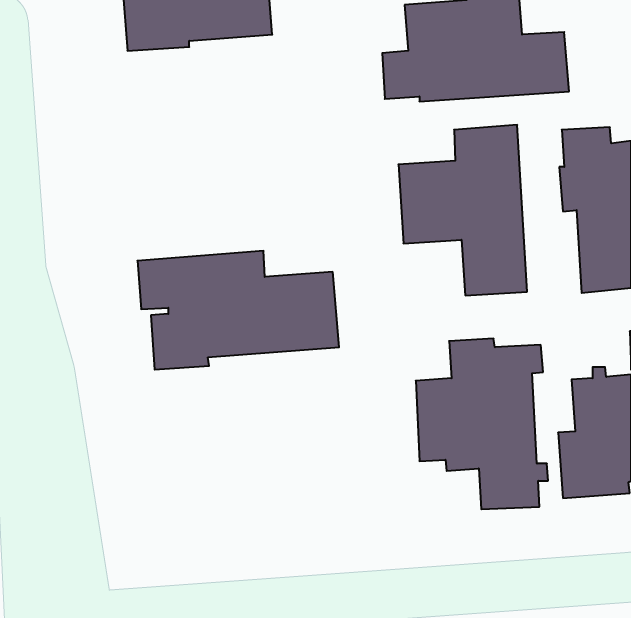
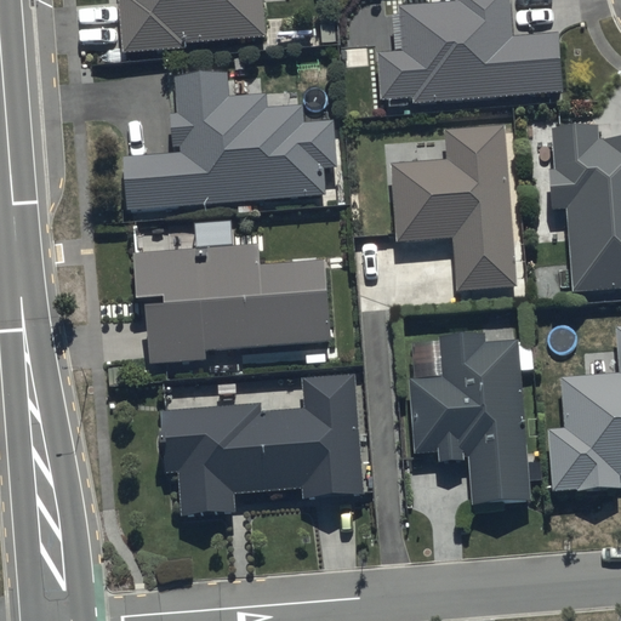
building: none -> [121,72,335,207]
building: none -> [159,375,363,514]

